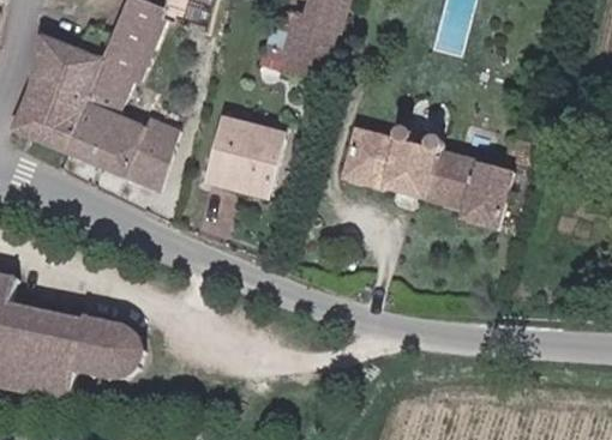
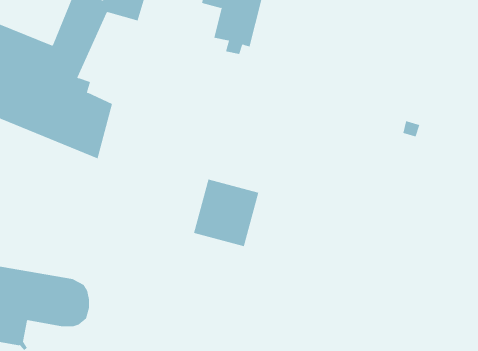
building: [208,120,283,198] -> [193,179,259,247]
building: [342,129,514,224] -> none

